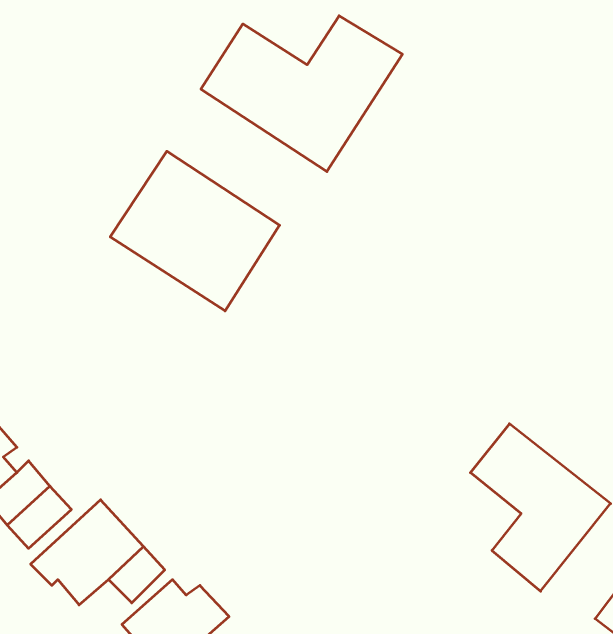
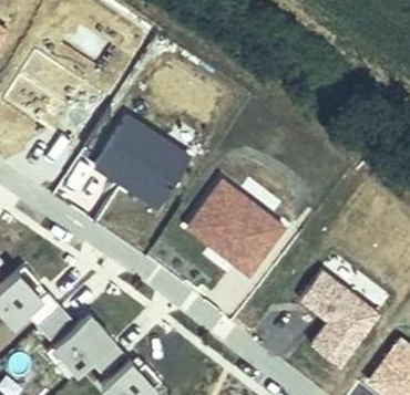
building: [201,16,402,172] -> none
building: none -> [186,183,283,276]

